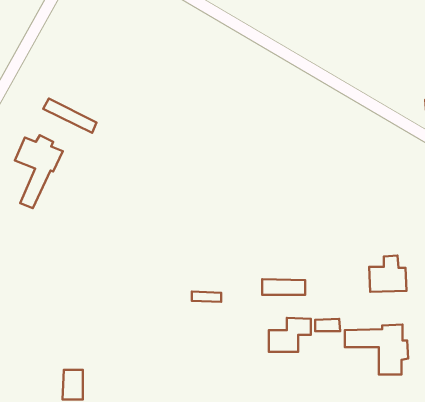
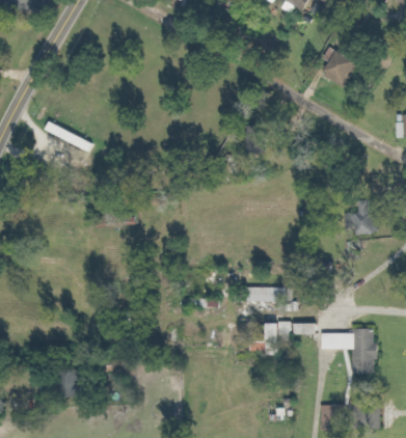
building: none -> [322,50,357,87]
building: [15,135,63,208] -> none
building: [369,255,407,292] -> [343,200,377,234]

